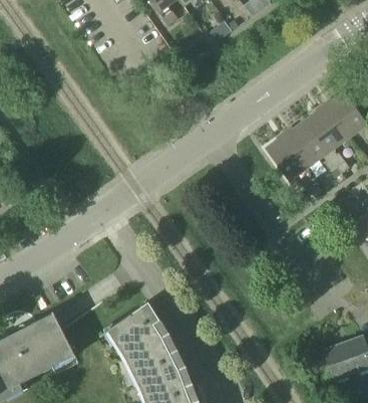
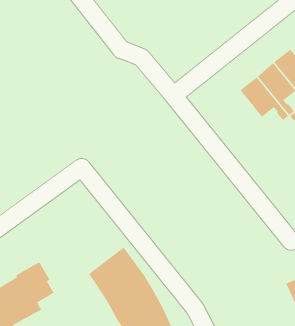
building: [264,134,307,194] -> none

